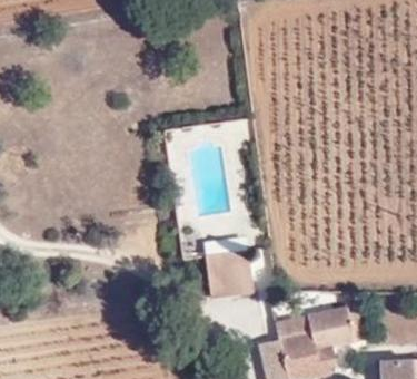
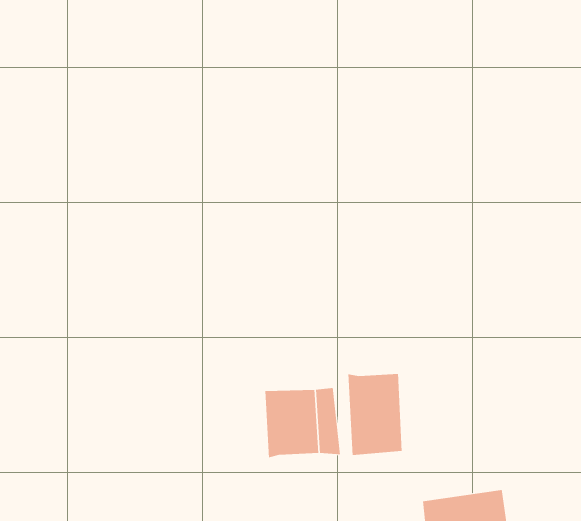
building: none -> [348,373,402,456]

